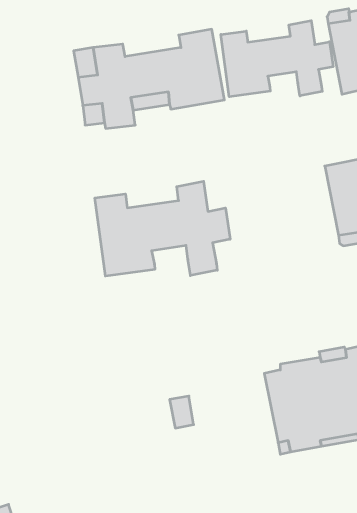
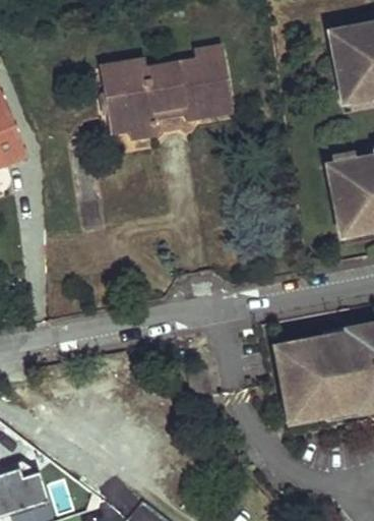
building: [221,21,333,97] -> none
building: [95,181,230,276] -> none

